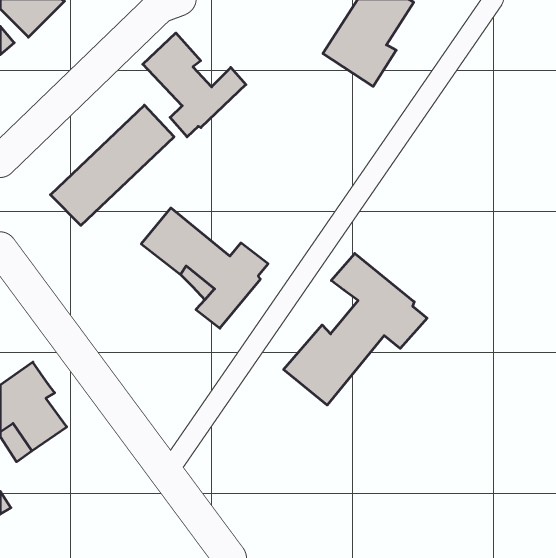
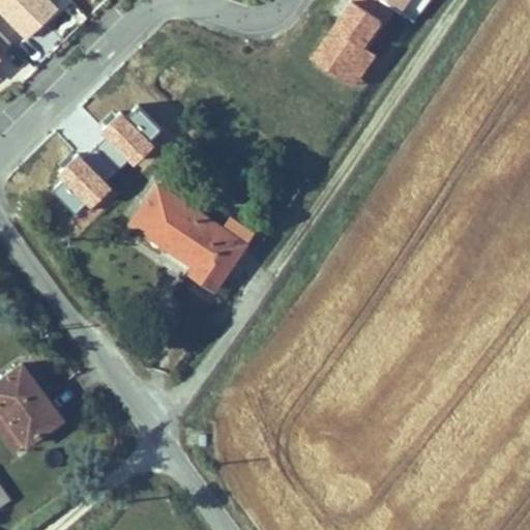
building: [143,33,246,137] -> none
building: [284,253,427,405] -> none

